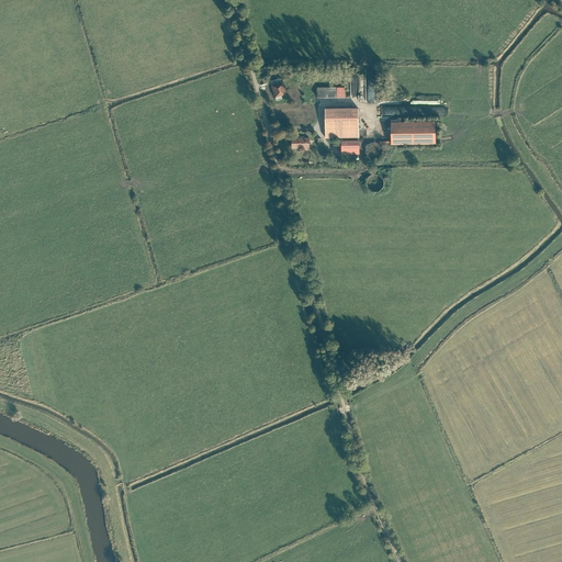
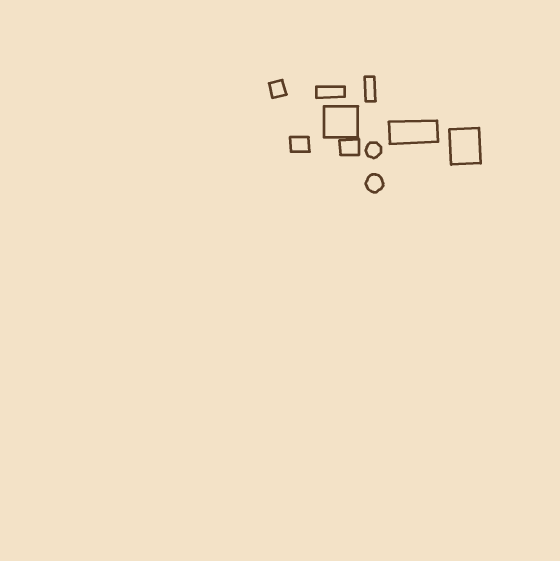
building: none -> [450,128,481,165]

